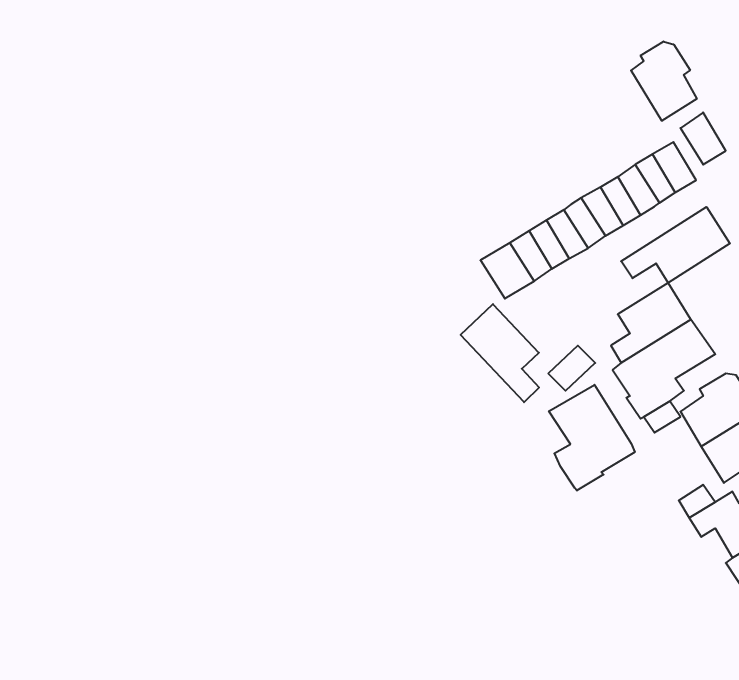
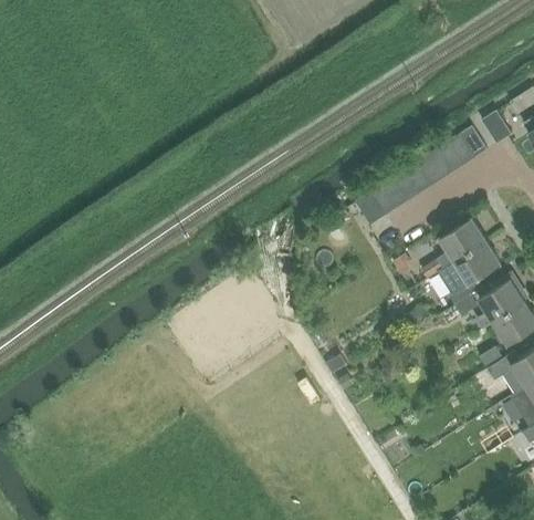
building: [631,41,697,121] -> none
building: [621,207,730,283] -> none
building: [461,304,539,402] -> none
building: [549,385,635,491] -> none

